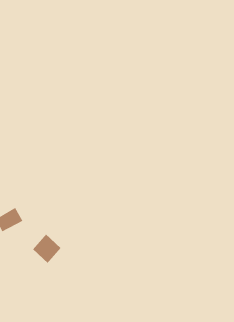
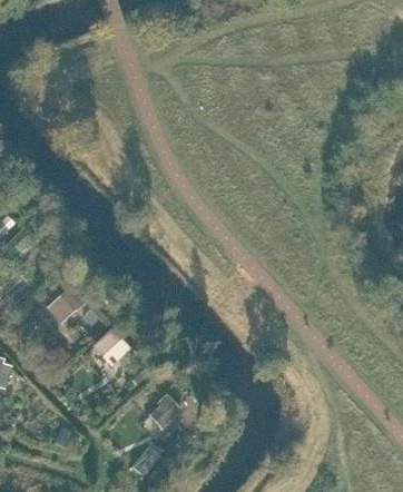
building: none -> [142,393,184,435]

